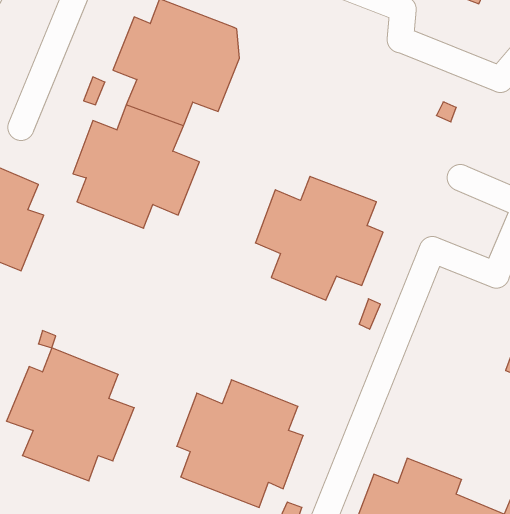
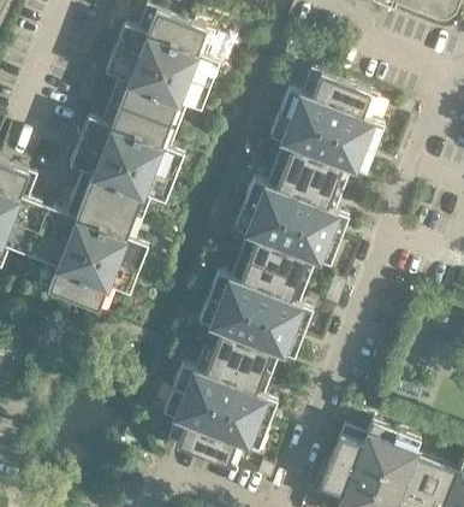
building: none -> [268,70,383,190]
building: none -> [197,259,313,376]
building: [6,348,134,481] -> [31,190,147,311]

